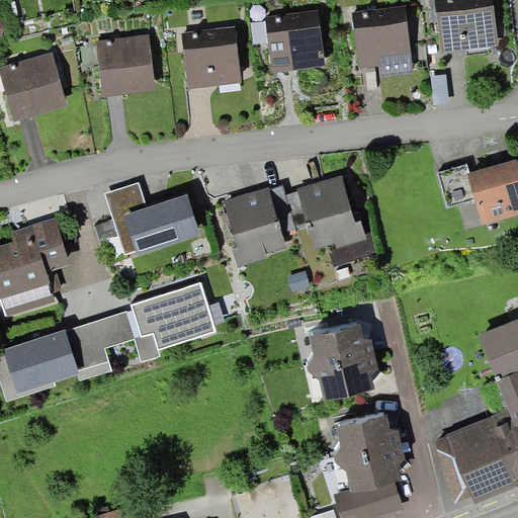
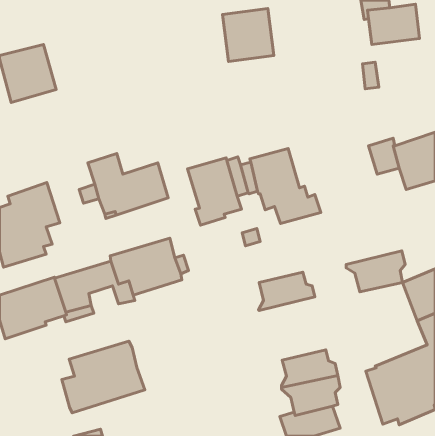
building: [351,5,413,77] -> none
building: [181,26,241,88] -> none
building: [95,34,155,97] -> none
building: [308,352,377,401] -> [346,251,405,292]
building: none -> [62,341,145,413]

